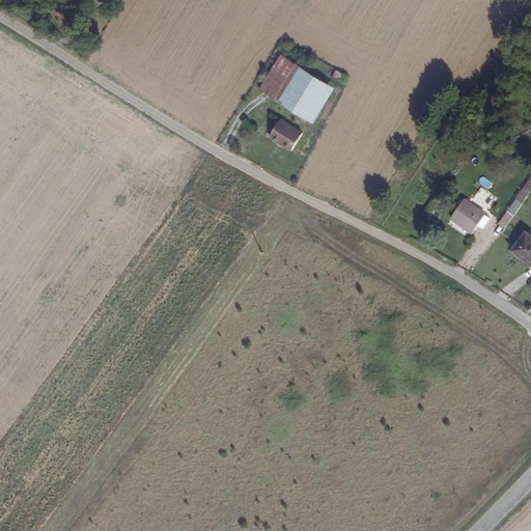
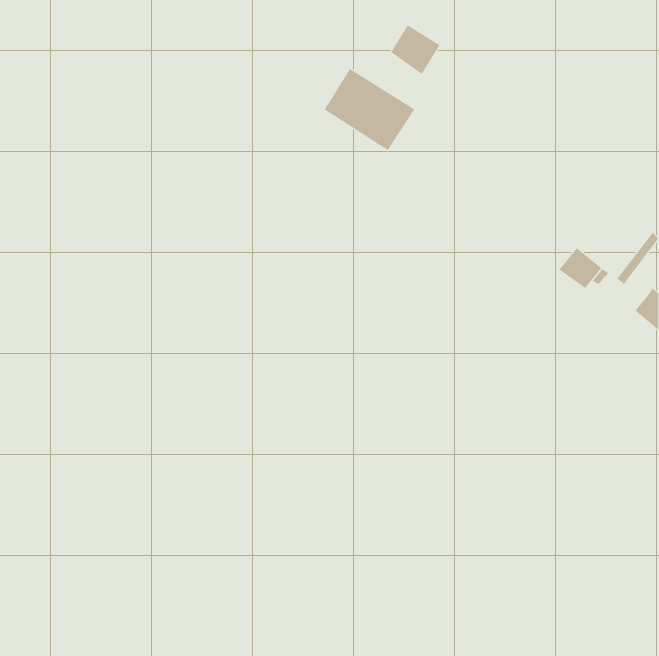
building: none -> [390,25,440,75]
building: [268,119,301,150] -> none

